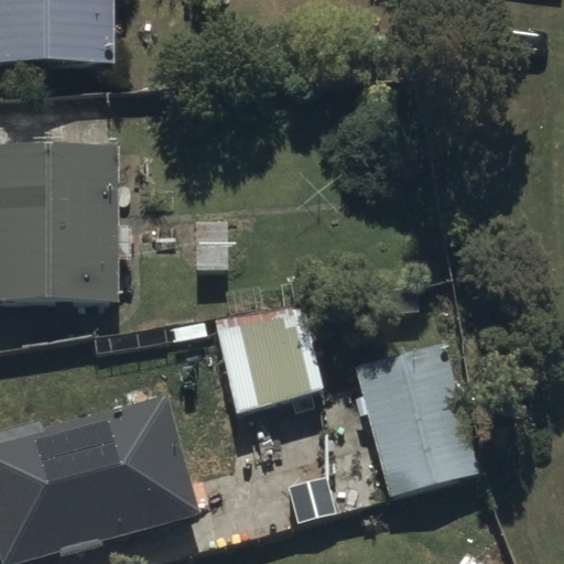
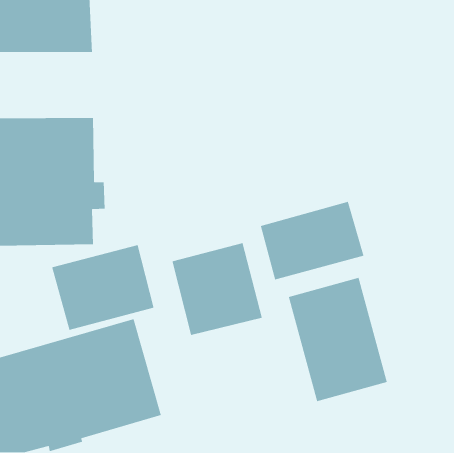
building: none -> [260,201,365,280]
building: none -> [51,244,155,331]

